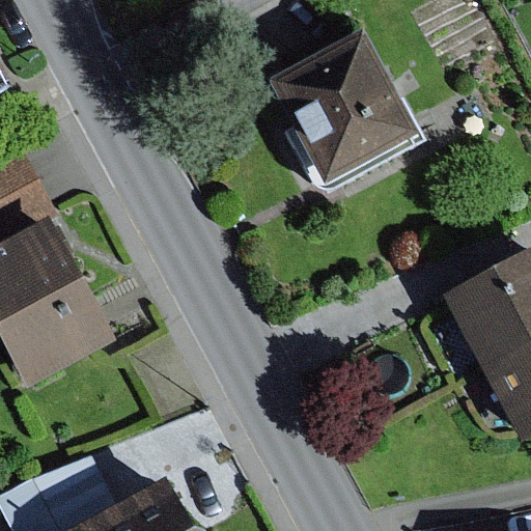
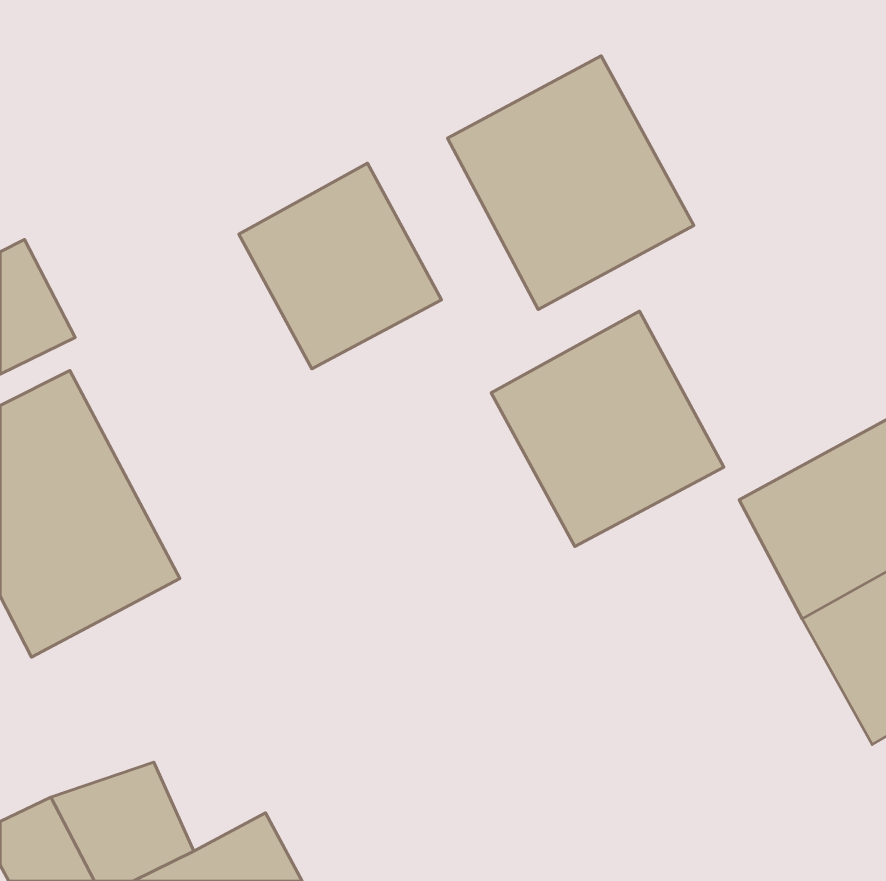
building: none -> [239,163,441,369]
building: none -> [491,311,724,546]

